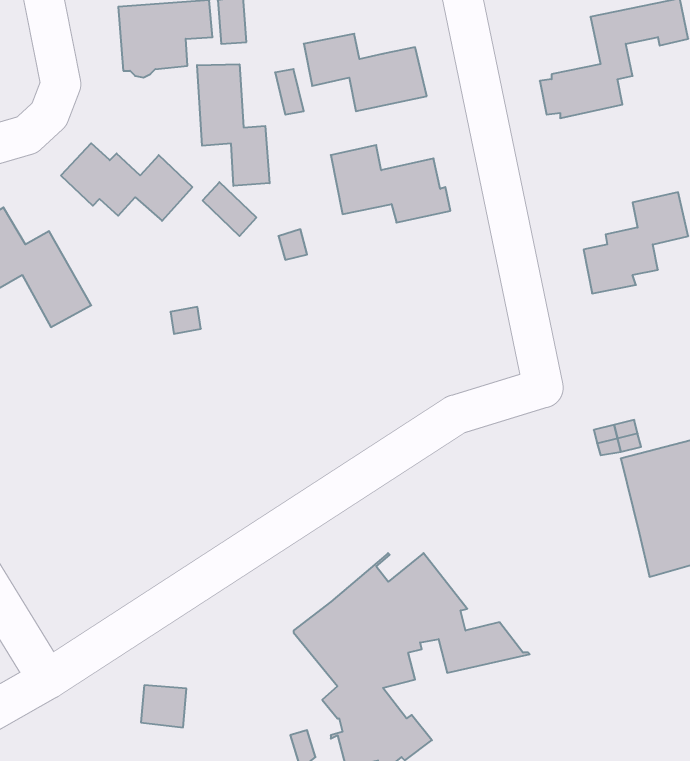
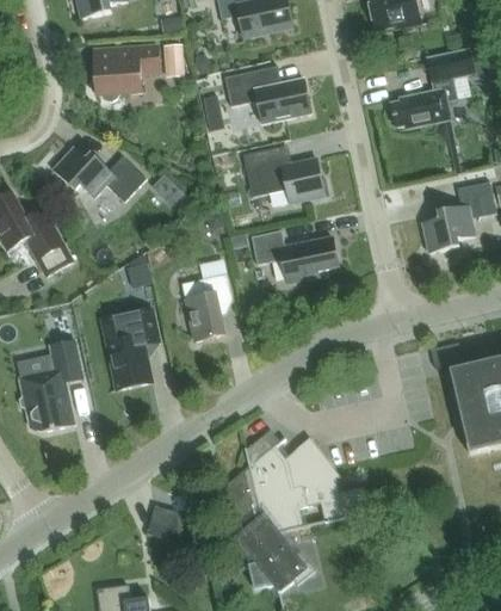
building: [197,64,270,186] -> none
building: none -> [250,229,338,282]
building: none -> [183,272,233,340]
building: none -> [101,308,157,388]
building: none -> [19,339,83,431]
building: [141,685,186,727] -> [149,504,181,533]

